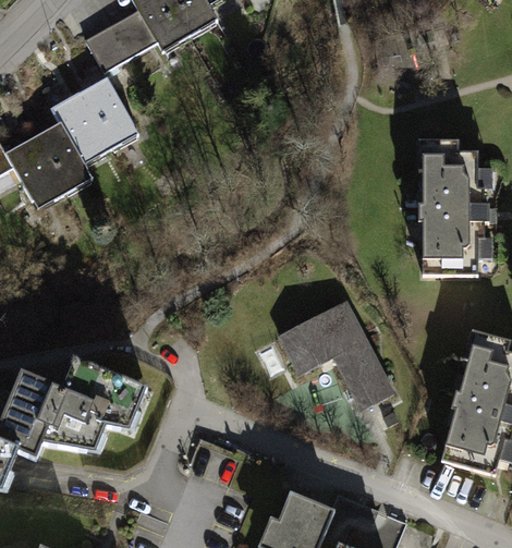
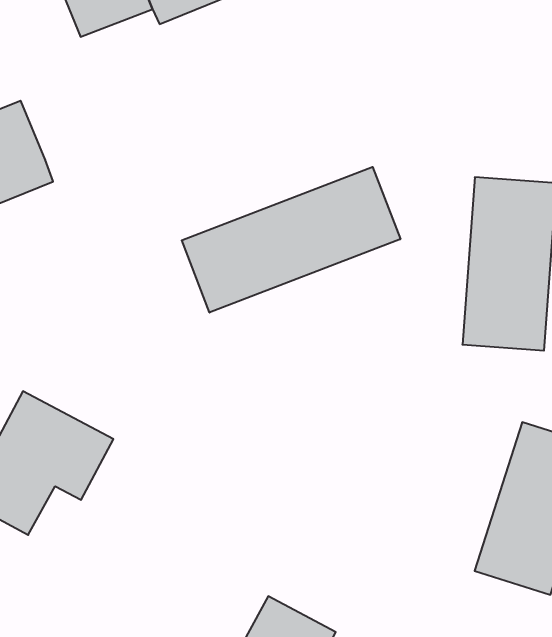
building: [52,80,136,167] -> none
building: none -> [182,167,400,313]
building: [278,300,394,409] -> none

